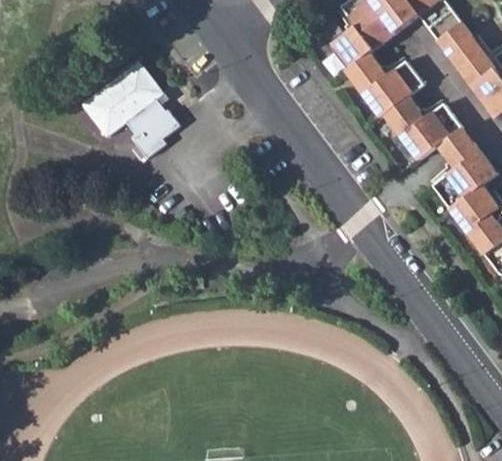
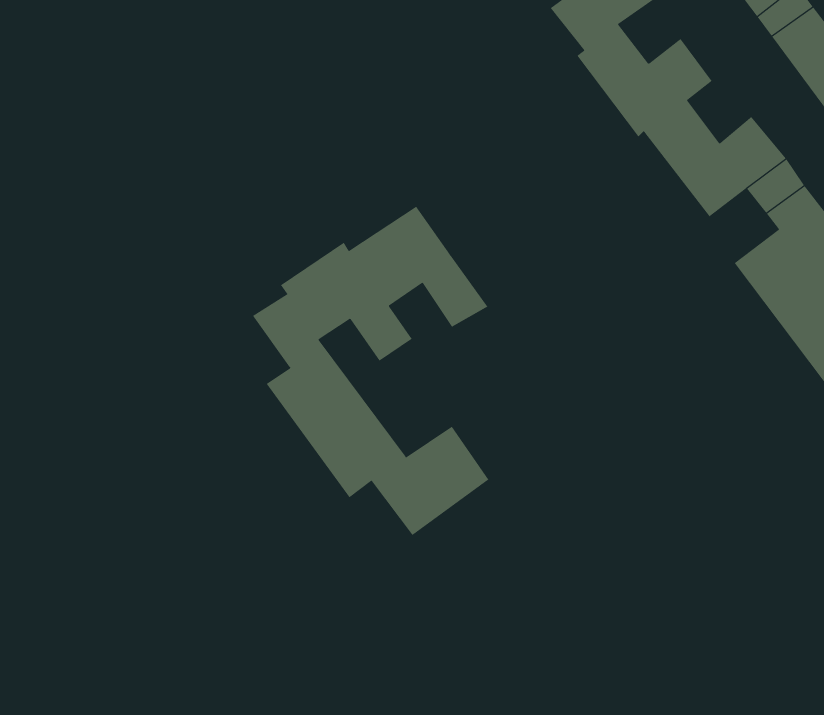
building: [85,60,182,156] -> none
building: none -> [252,206,489,536]

